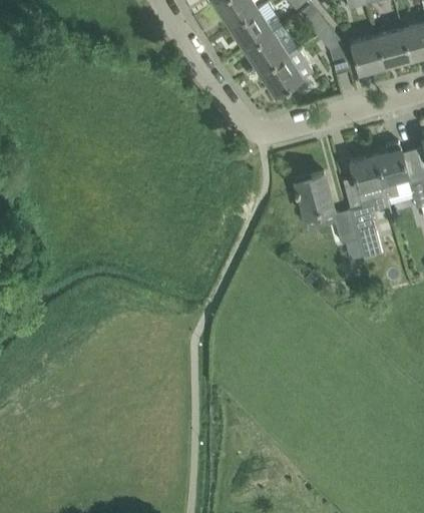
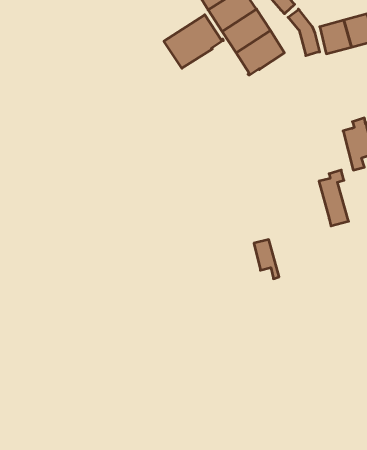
building: none -> [164,15,223,68]
building: [350,157,389,210] -> none
building: [295,173,334,218] -> none
building: [334,211,361,253] -> [254,240,279,279]

